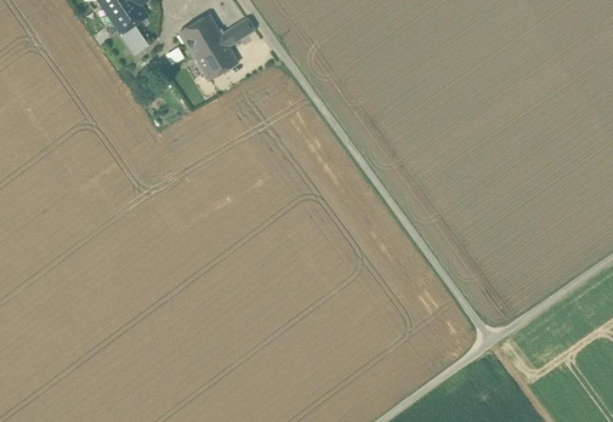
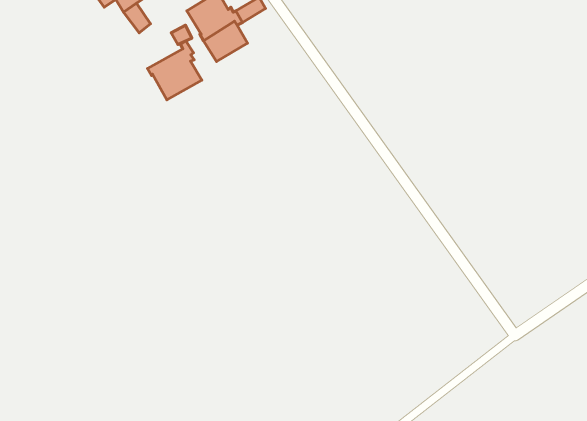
building: none -> [148,41,202,100]

